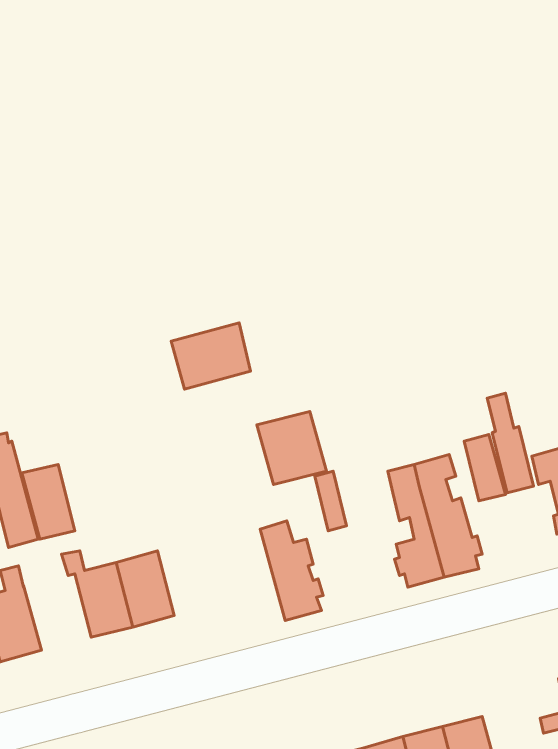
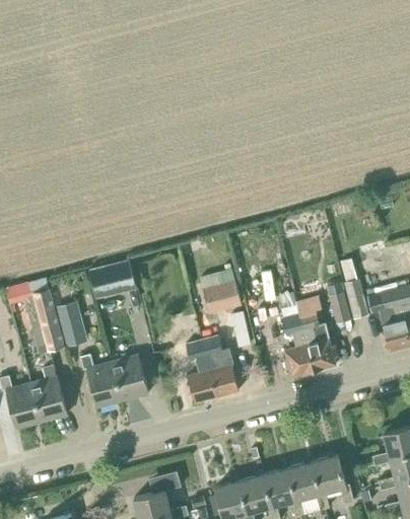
building: [171,323,251,389] -> [87,258,136,299]
building: none -> [185,341,216,402]

